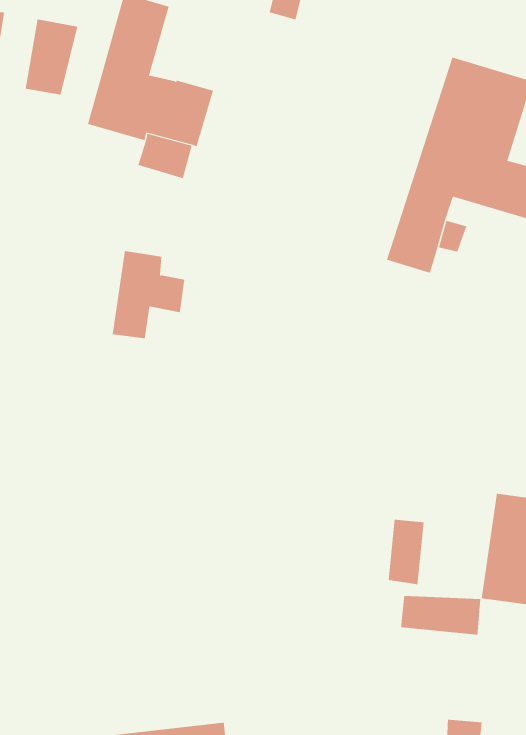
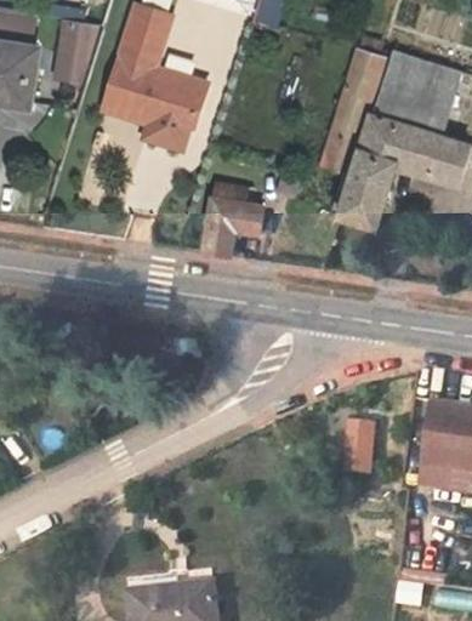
building: none -> [320,47,383,209]
building: [112,250,185,339] -> [204,183,262,253]
building: [400,595,481,636] -> none

